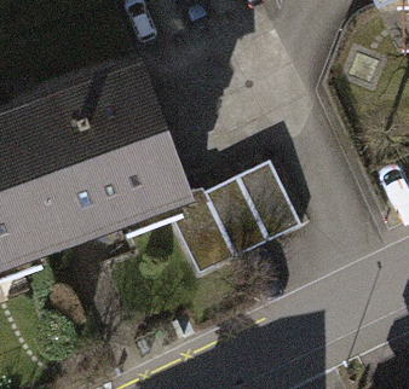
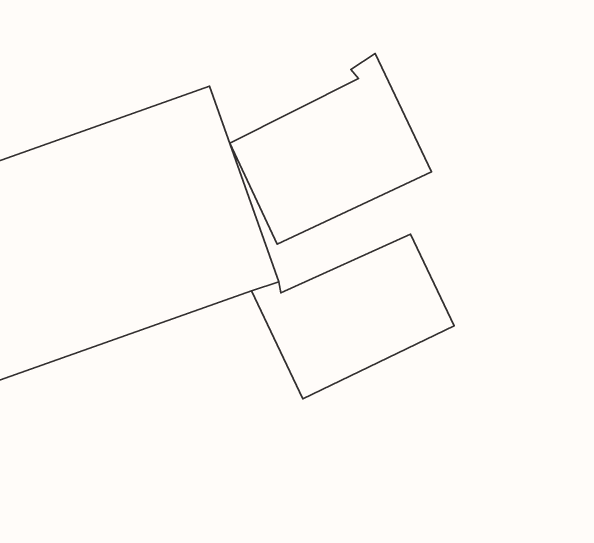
building: none -> [230,53,431,244]

